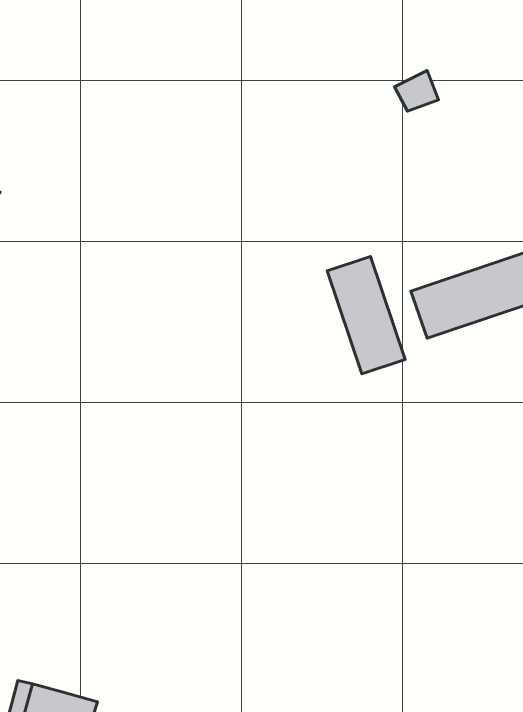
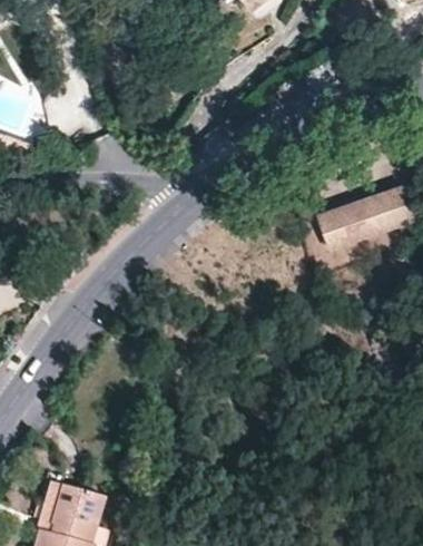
building: [327,257,405,374] -> none

